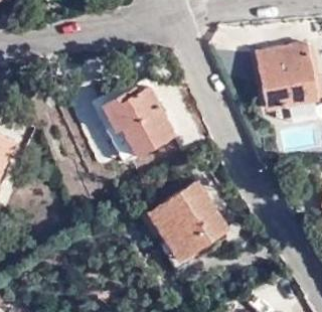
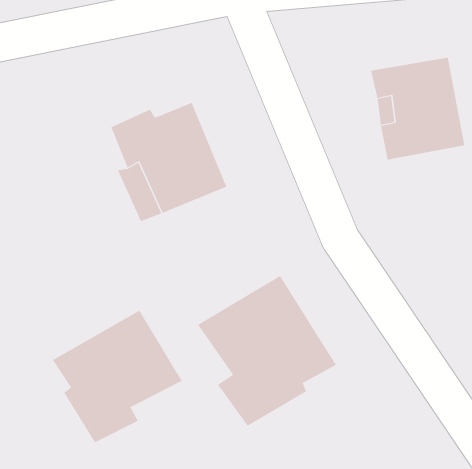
building: none -> [52,310,182,443]

